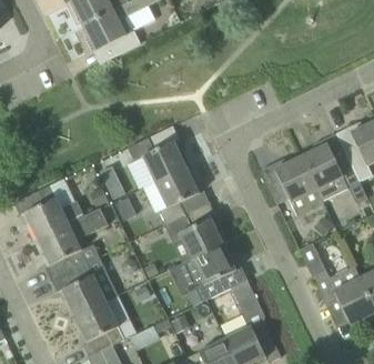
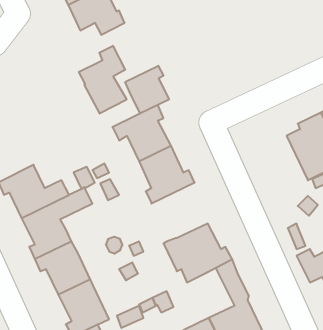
building: none -> [79,46,126,114]
building: none -> [125,66,169,114]
building: [260,156,323,216] -> none
building: [164,203,223,259] -> none

